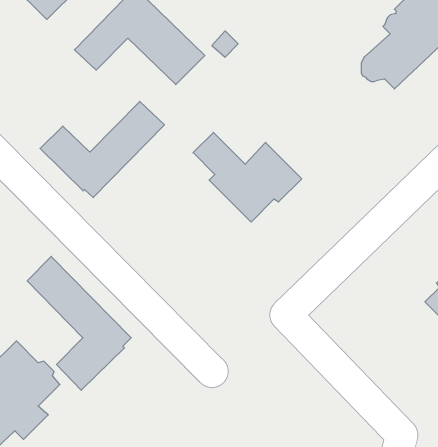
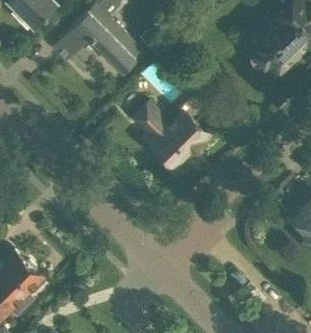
building: [40,101,164,198] -> none
building: [27,256,131,390] -> none

